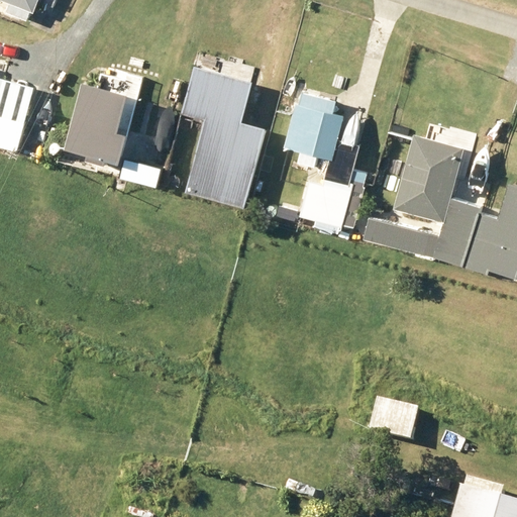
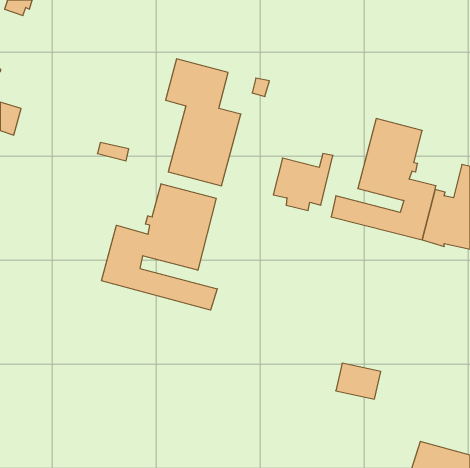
building: [63,82,127,159] -> none
building: [284,93,342,167] -> none
building: none -> [102,184,217,310]

